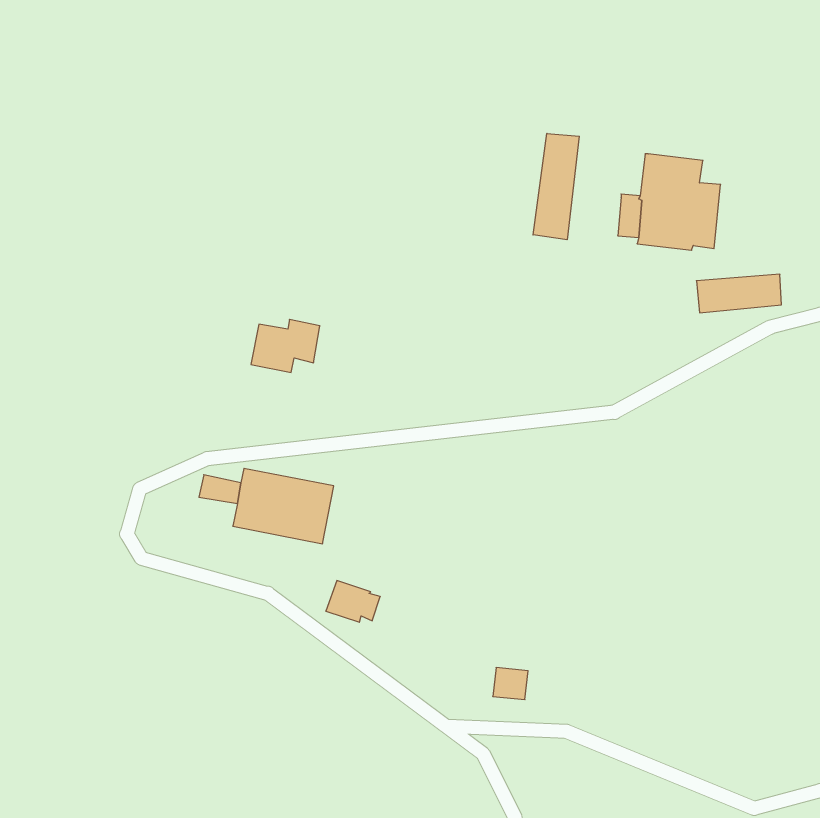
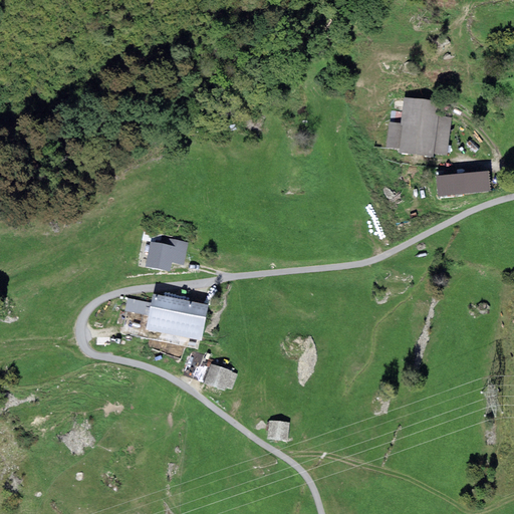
building: [533,133,579,240] -> none
building: [251,319,320,372] -> [145,238,188,271]
building: [493,668,528,700] -> [267,420,289,440]

